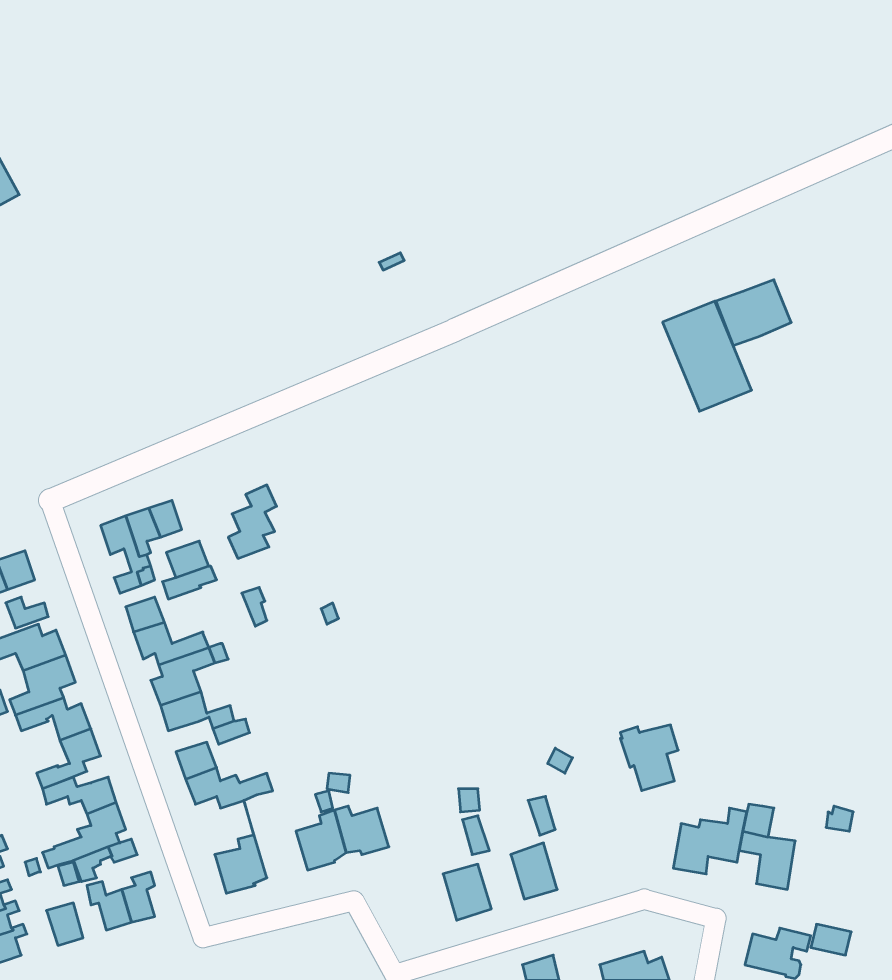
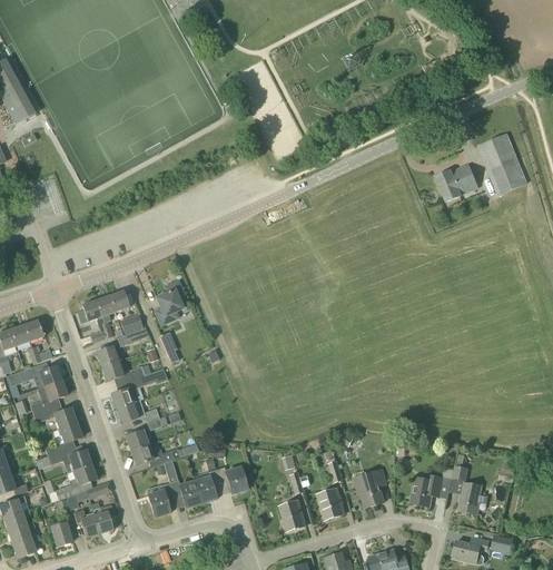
building: [663,301,752,411] -> [476,131,527,195]
building: [620,725,678,791] -> [353,469,386,507]
building: none -> [164,459,200,507]

